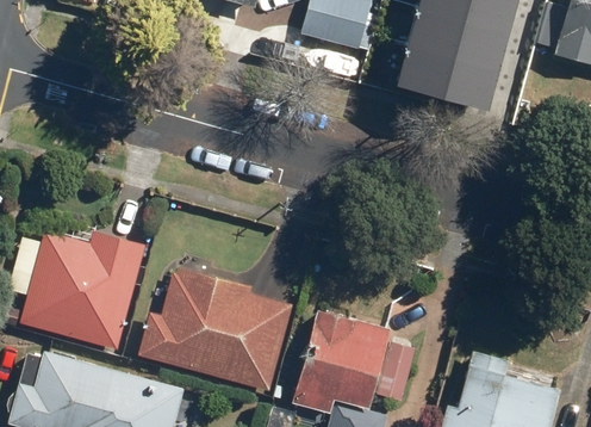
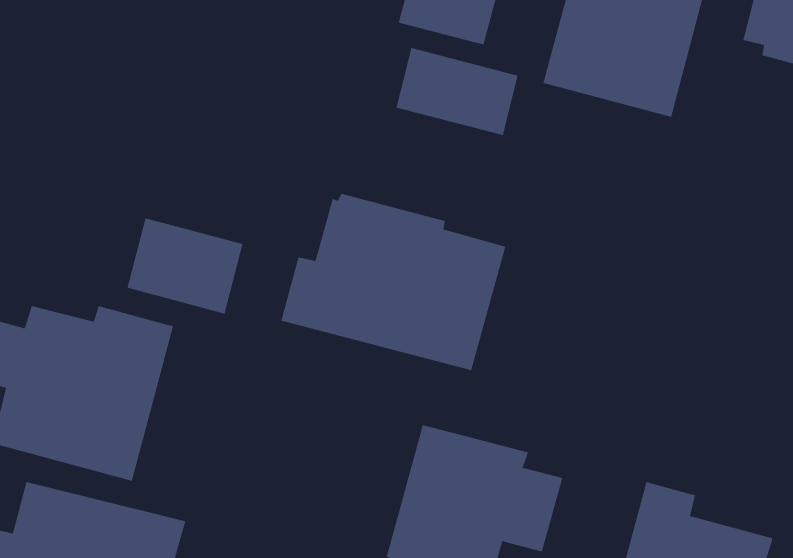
building: none -> [396,47,518,136]
building: none -> [127,218,243,314]
building: [138,268,294,391] -> [281,193,506,371]

